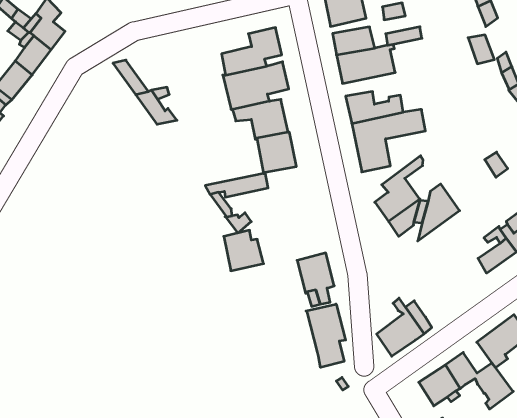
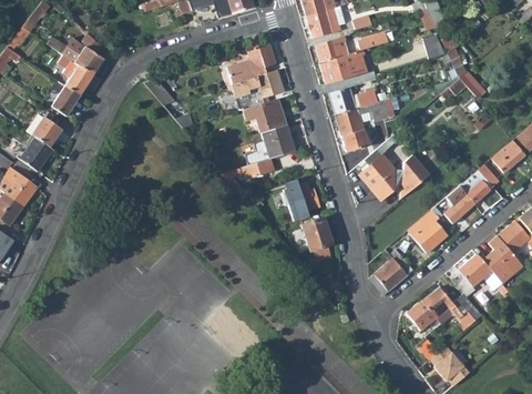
building: [224,230,264,271] -> [287,181,320,214]
building: none -> [405,209,447,254]
building: [306,304,346,367] -> none

